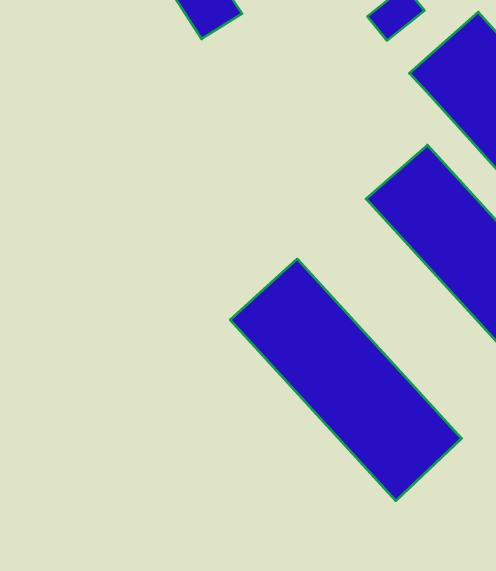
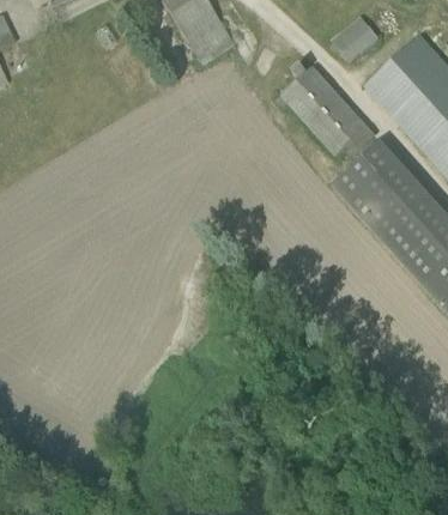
building: none -> [281,66,367,154]
building: [230,259,462,501] -> none

